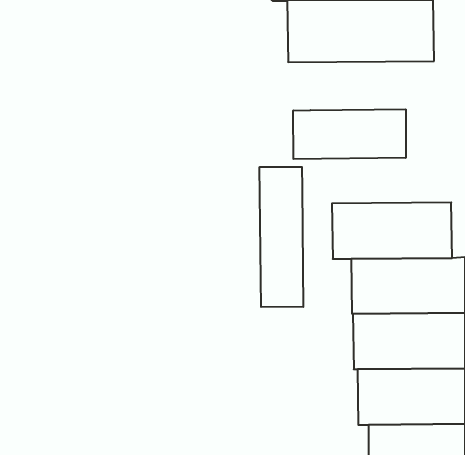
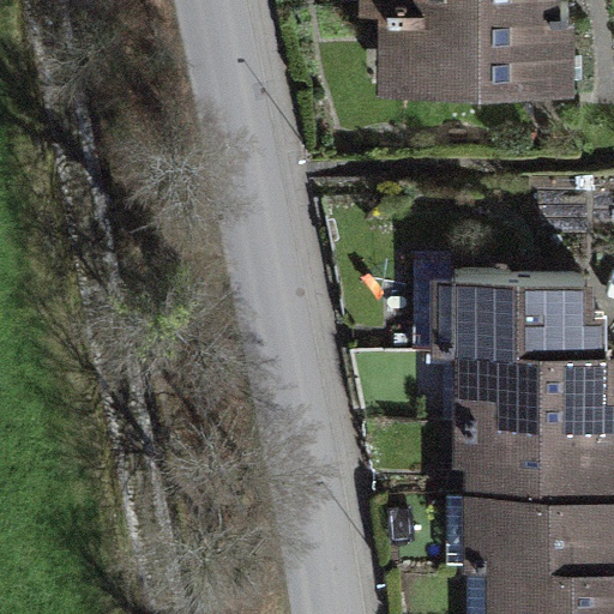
building: [293,109,406,159] -> none
building: [260,167,303,307] -> none

